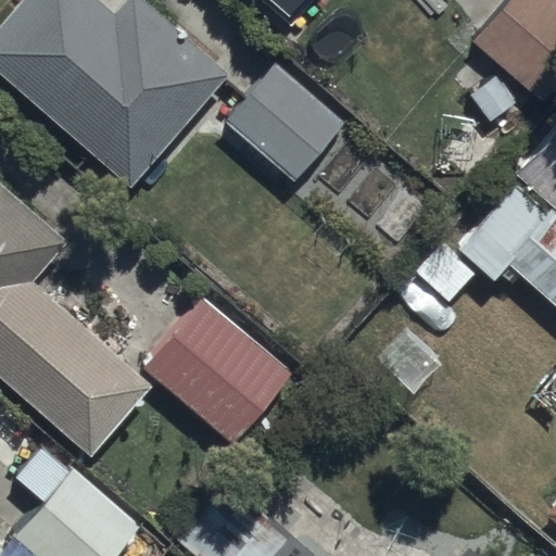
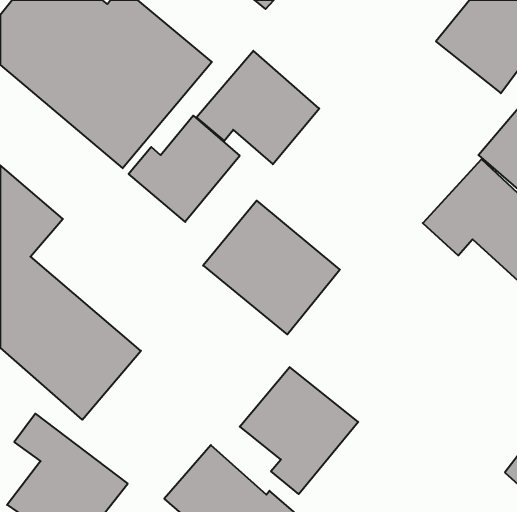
building: none -> [129,116,240,222]
building: [143,298,290,441] -> [203,201,340,334]
building: none -> [240,367,358,494]

